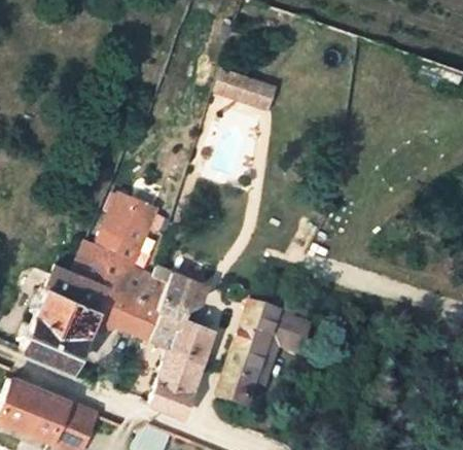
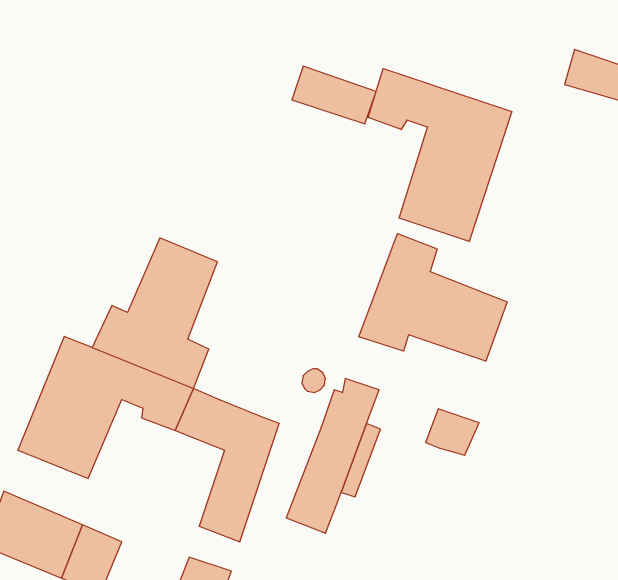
building: none -> [368,69,512,242]
building: none -> [359,234,507,361]
building: [166,275,212,325] -> none
building: [274,306,313,340] -> [426,409,479,455]

